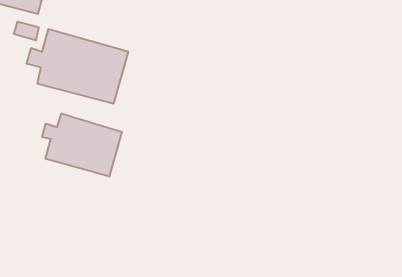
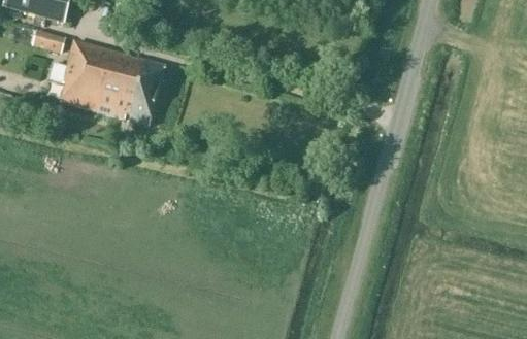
building: [42,113,122,177] -> none

